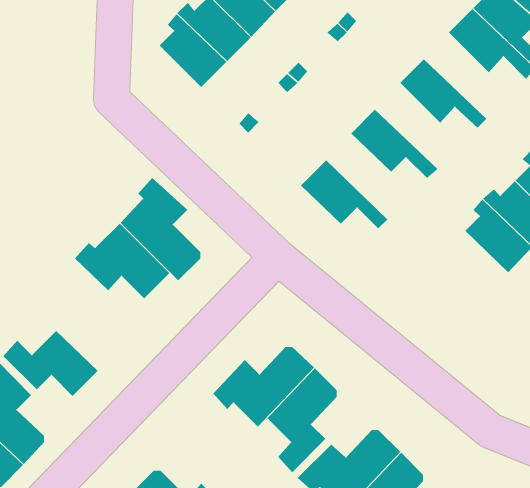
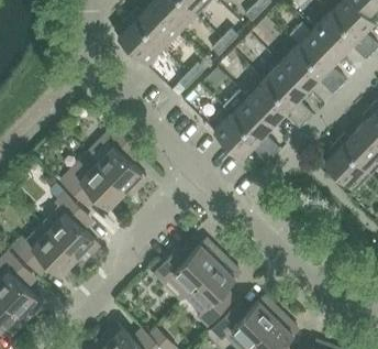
building: none -> [297,28,346,86]
building: none -> [264,62,312,120]
building: none -> [231,96,279,154]
building: none -> [48,192,98,257]

